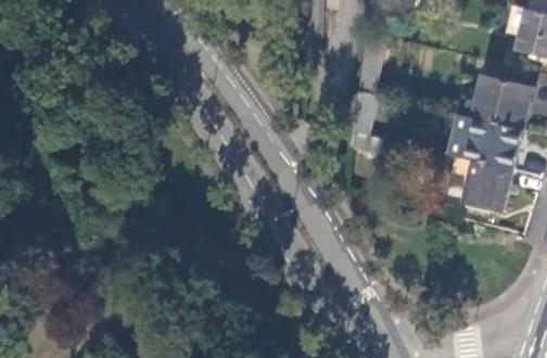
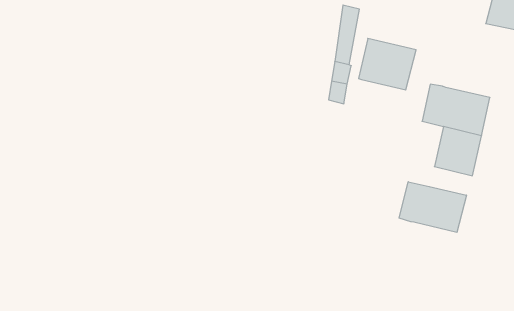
building: [471,75,532,129] -> [359,38,416,90]
building: none -> [399,182,466,232]

